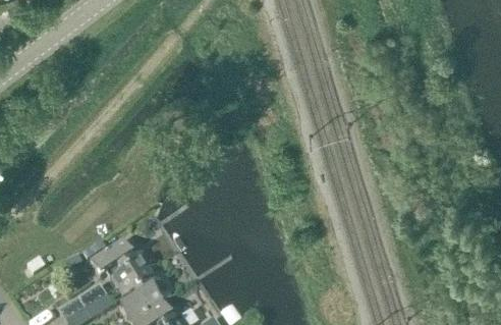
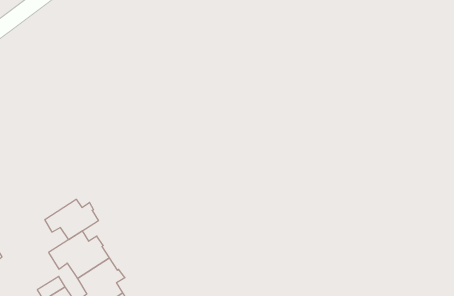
building: none -> [45,199,98,240]

